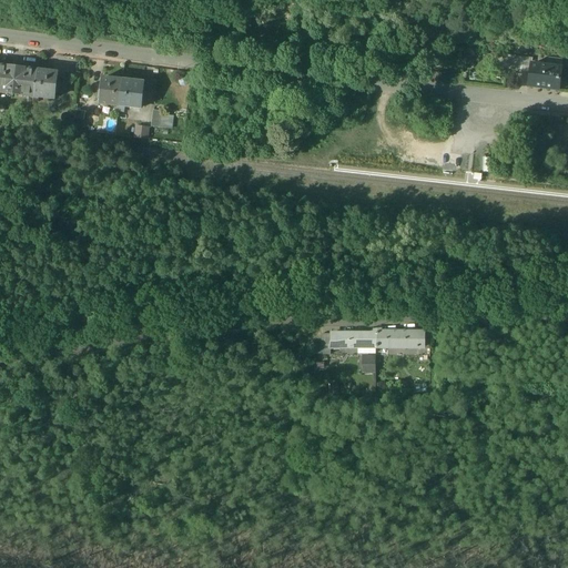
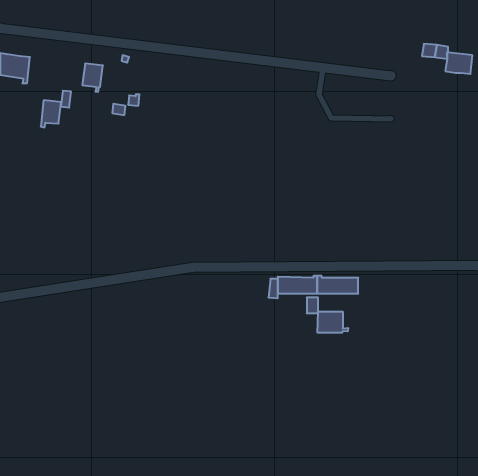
building: [32,68,57,100] -> [41,100,61,127]
building: [116,78,142,109] -> none
building: none -> [318,312,348,333]

